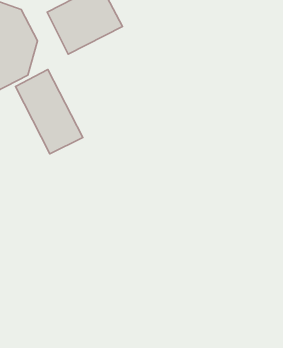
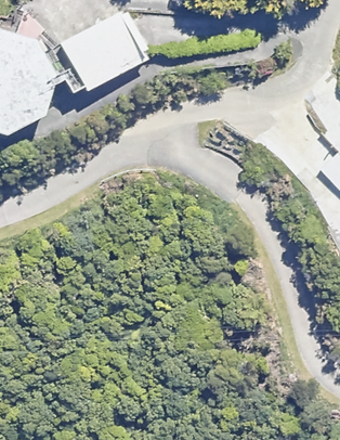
building: [16,70,83,154] -> none

